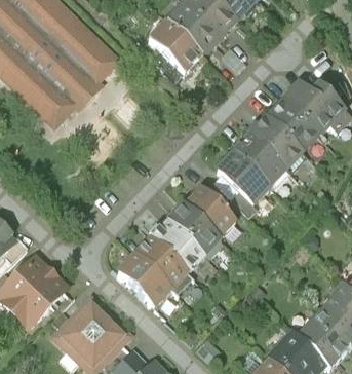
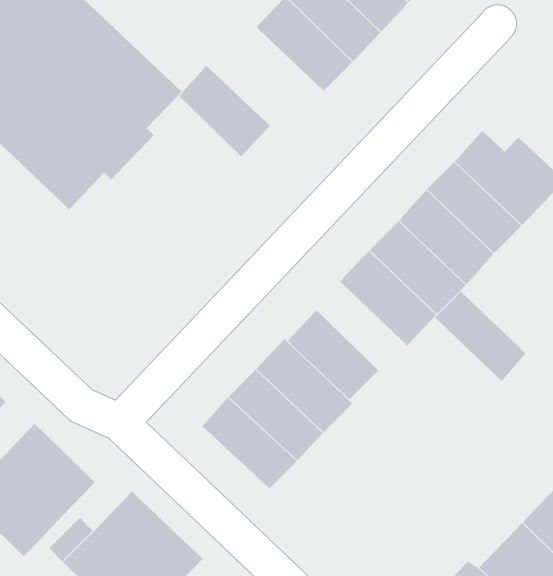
building: [147,20,201,74] -> [178,65,271,157]
building: none -> [434,291,527,382]
building: [113,255,171,311] -> none

